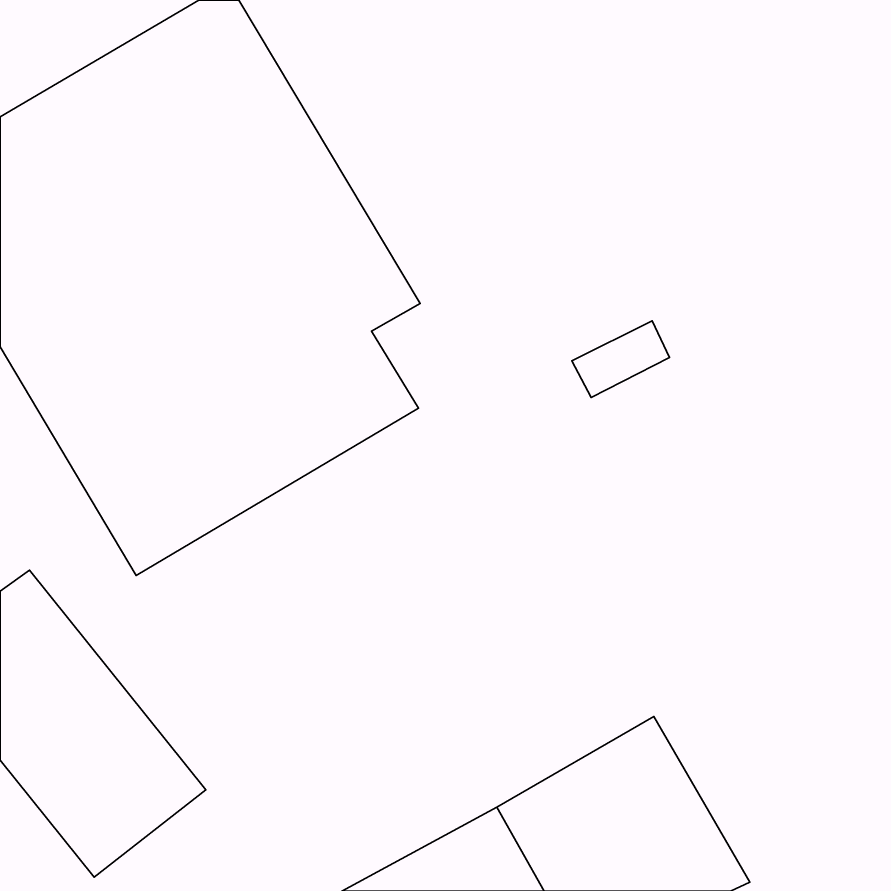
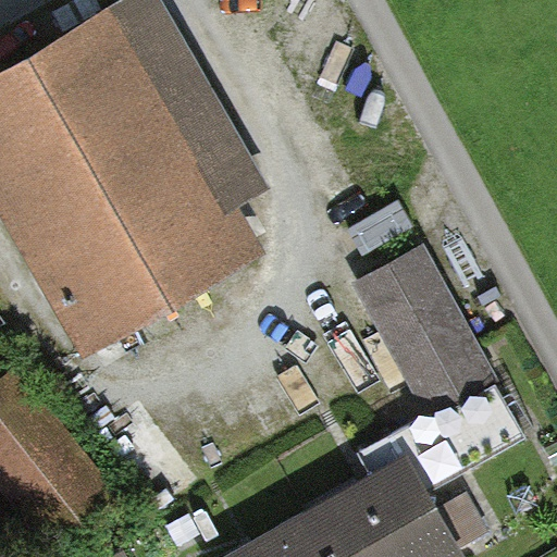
building: none -> [354,253,506,424]

